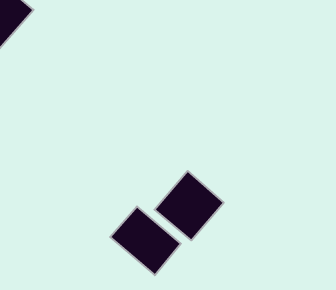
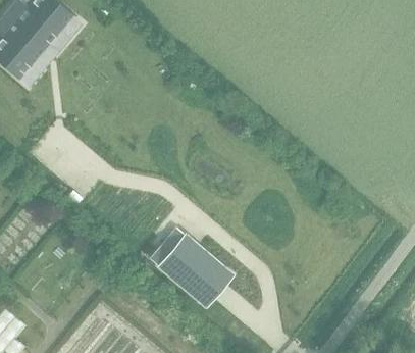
building: [154,171,224,240] -> none

